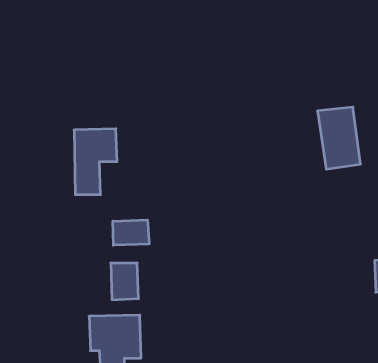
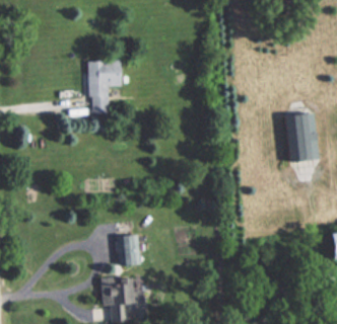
building: [74,129,117,195] -> [89,61,124,113]
building: [113,220,149,245] -> none

